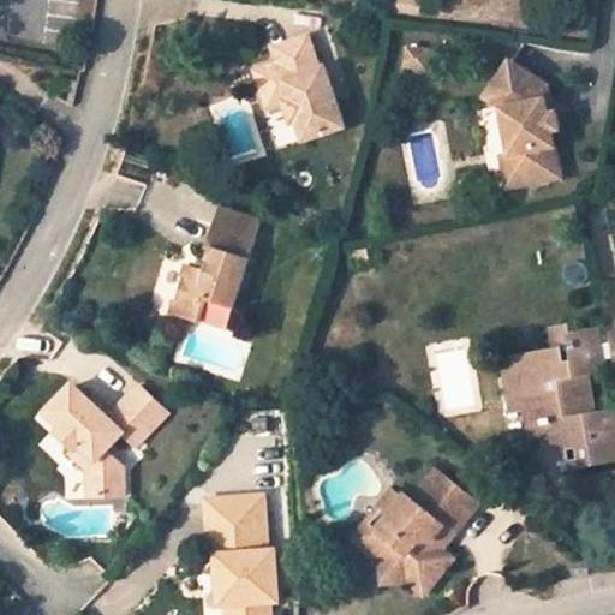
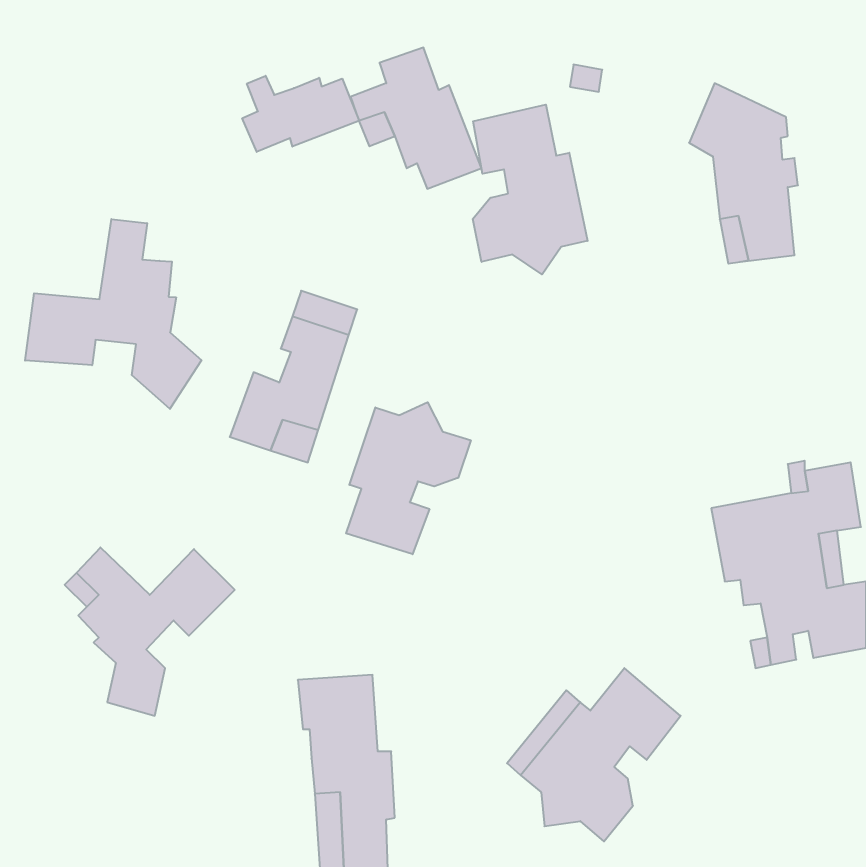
building: none -> [242,76,359,152]
building: none -> [473,105,588,274]
building: none -> [25,219,201,409]
building: none -> [346,402,471,554]

